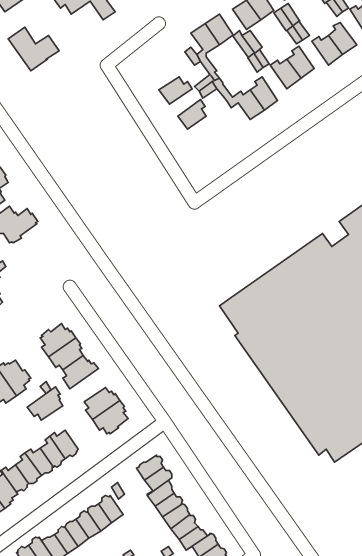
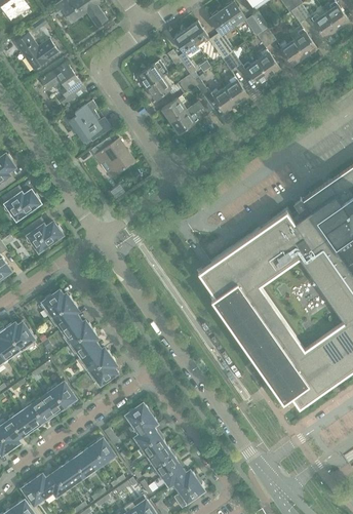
building: none -> [136,61,167,88]
building: none -> [41,65,85,107]
building: none -> [169,98,212,134]
building: none -> [69,102,112,143]
building: none -> [91,139,134,179]
building: none -> [23,221,63,252]
building: [27,387,63,420] -> [68,329,99,358]

